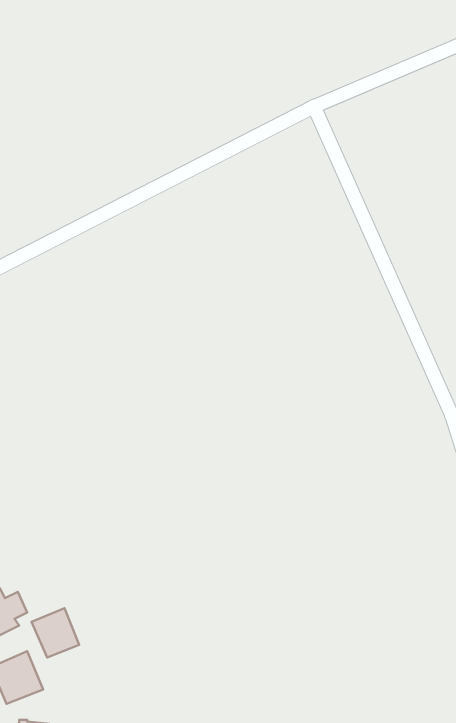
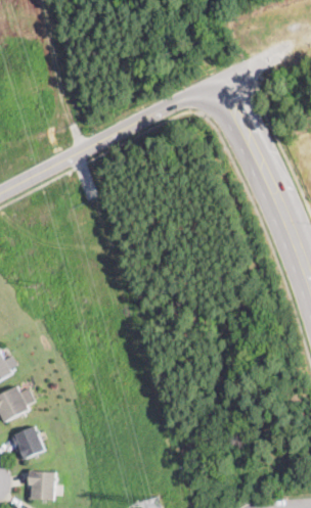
building: [32,608,79,658] -> none

